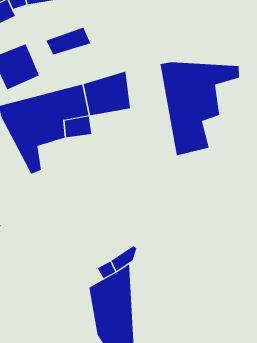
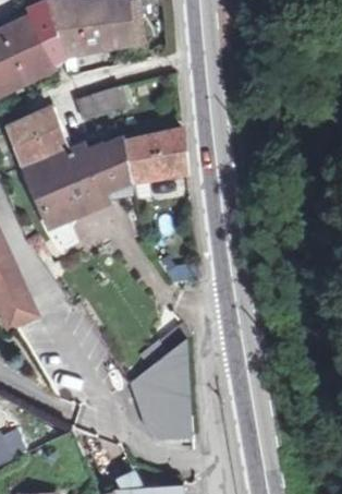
building: [160,61,240,156] -> none

